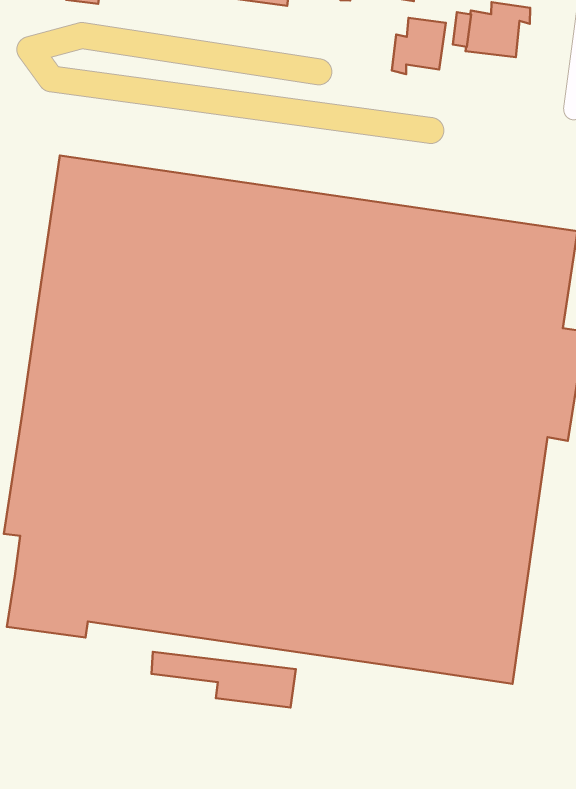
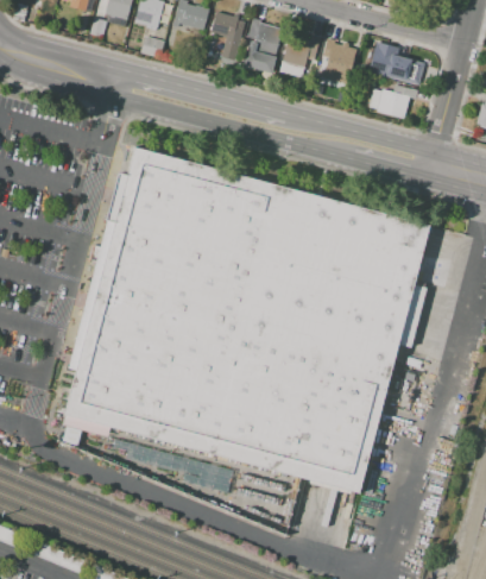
building: [392,18,446,74] -> none

